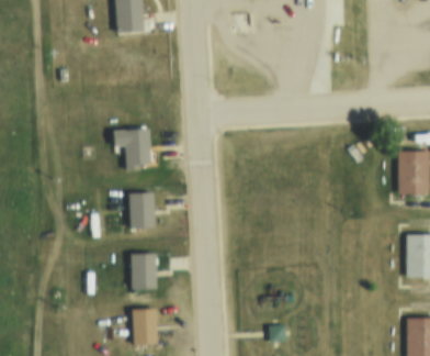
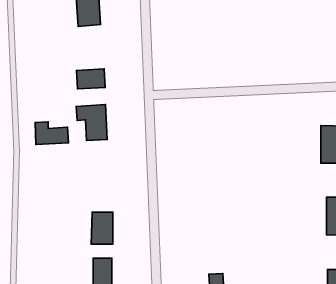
building: none -> [77,69,105,89]
building: none -> [35,122,69,145]
building: [131,191,155,227] -> none

